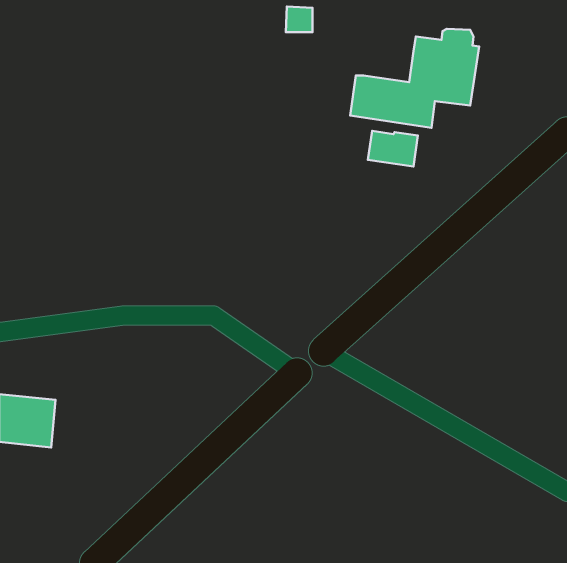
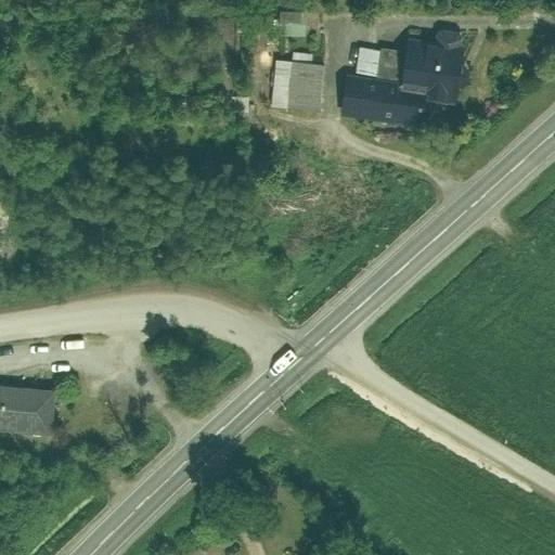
building: none -> [270,59,324,113]
building: [368,131,418,166] -> [354,46,403,80]

